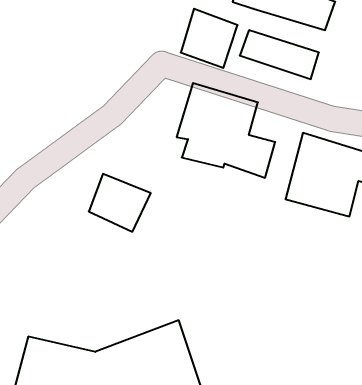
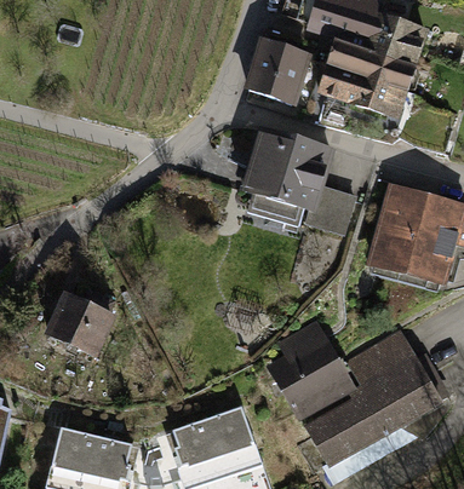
building: none -> [326,36,417,88]
building: [89,174,151,232] -> [44,288,118,357]
building: none -> [269,320,442,470]

